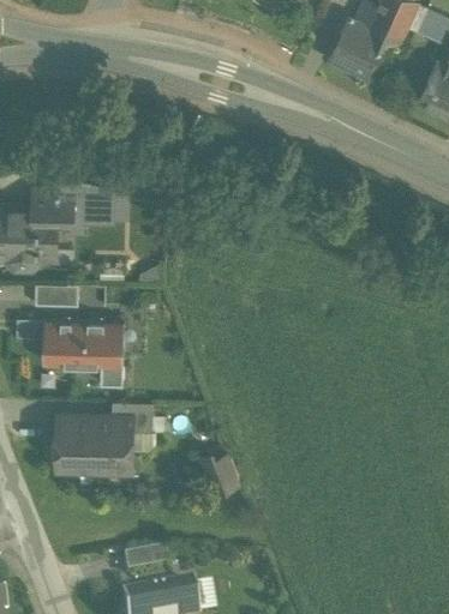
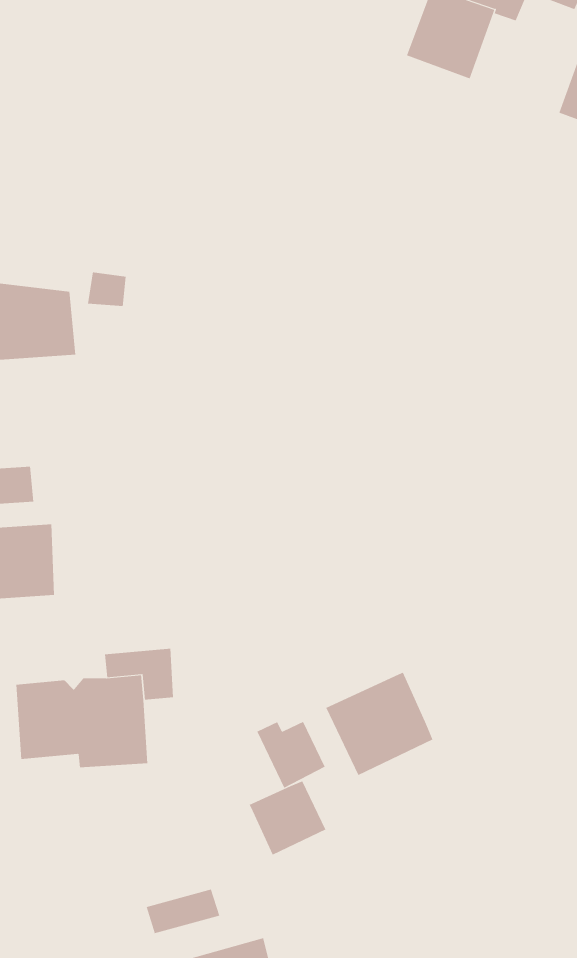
building: [86,321,125,387] -> none
building: none -> [326,672,433,776]
building: none -> [249,780,326,856]

